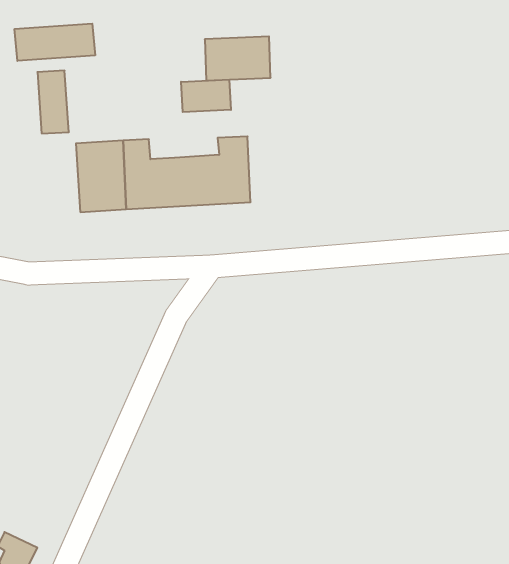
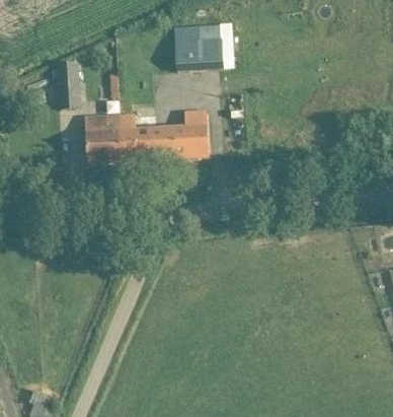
building: [15,24,95,61] -> none
building: [181,80,231,112] -> none

